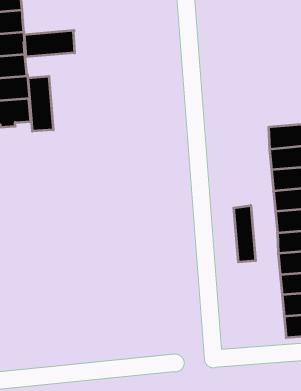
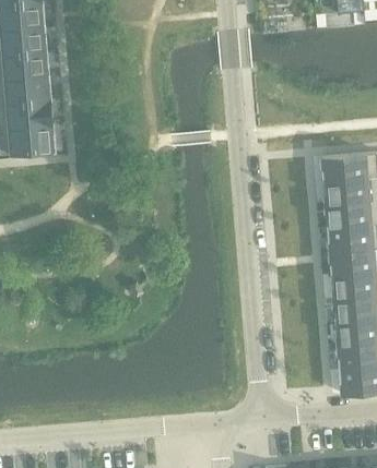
building: [24,30,75,57] -> none
building: [28,76,53,131] -> none
building: [234,205,256,262] -> none

